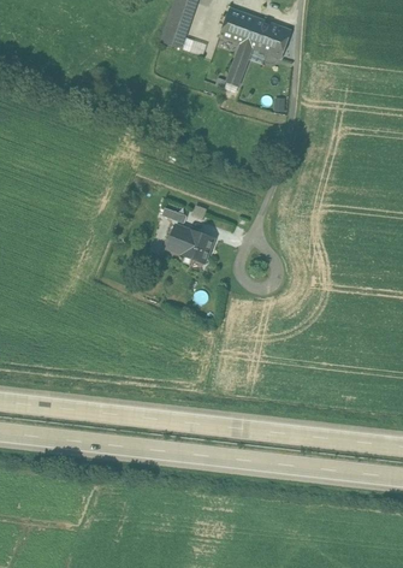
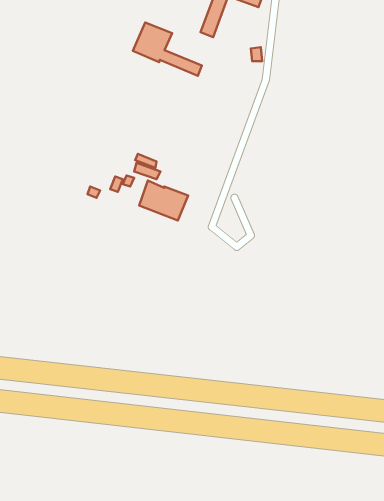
building: none -> [133,23,202,76]

